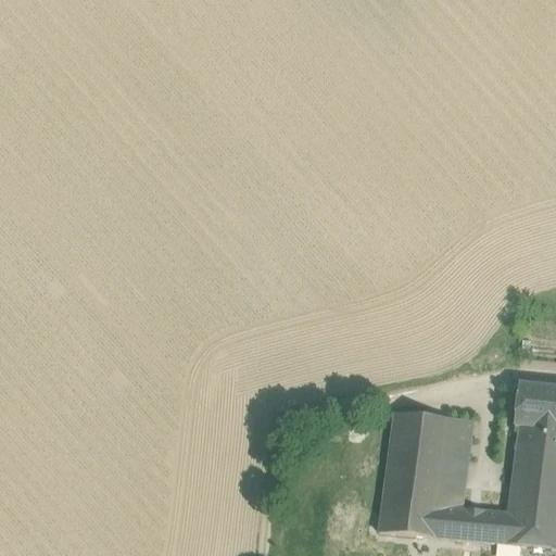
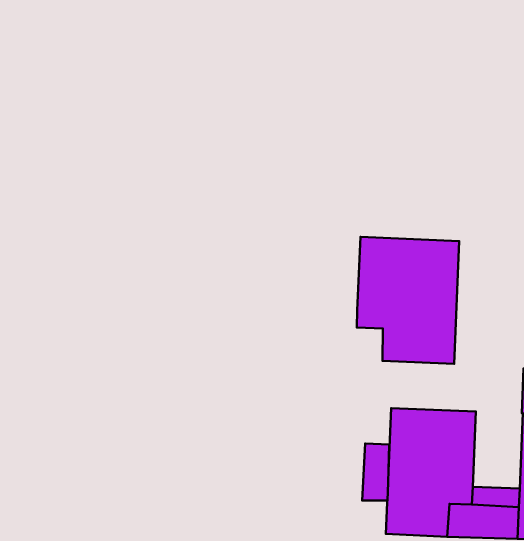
building: none -> [357,237,459,364]
building: none -> [362,443,389,500]

